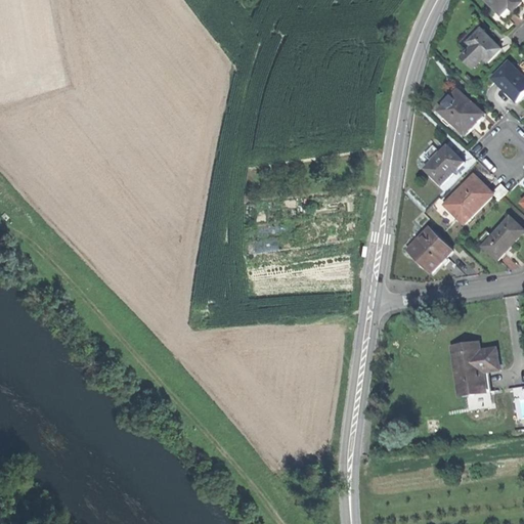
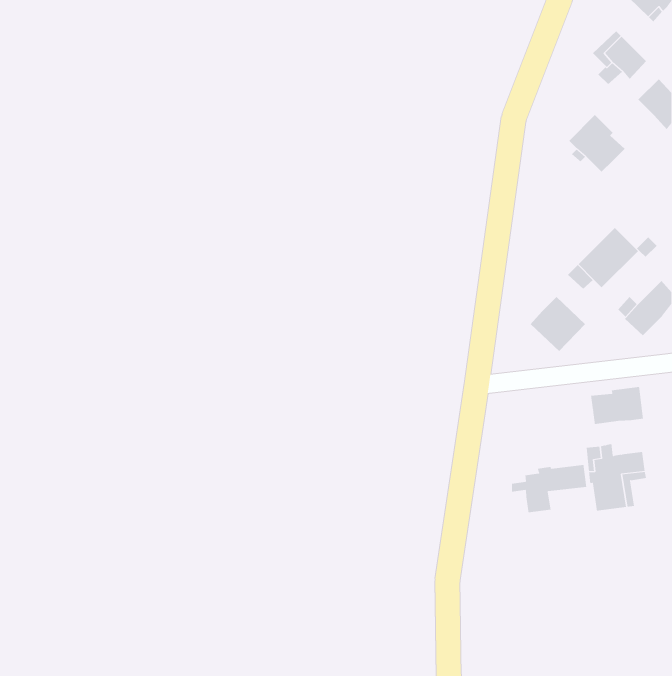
building: [424,144,464,183] -> none
building: none -> [591,386,644,425]
building: none -> [511,464,587,513]

